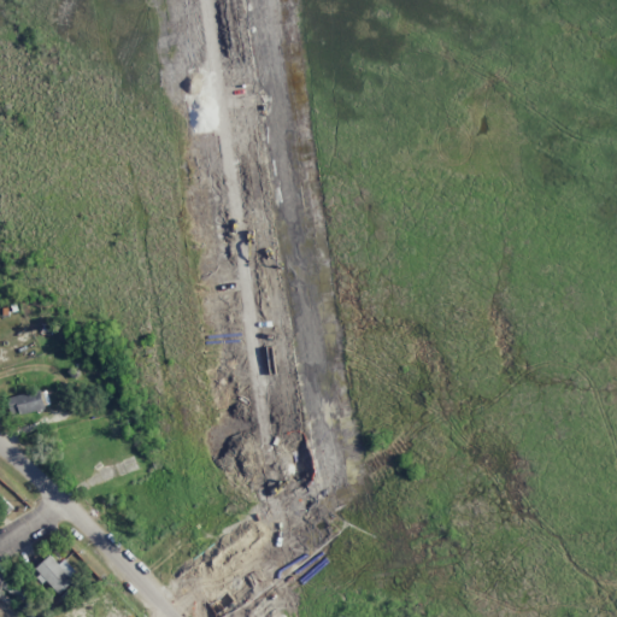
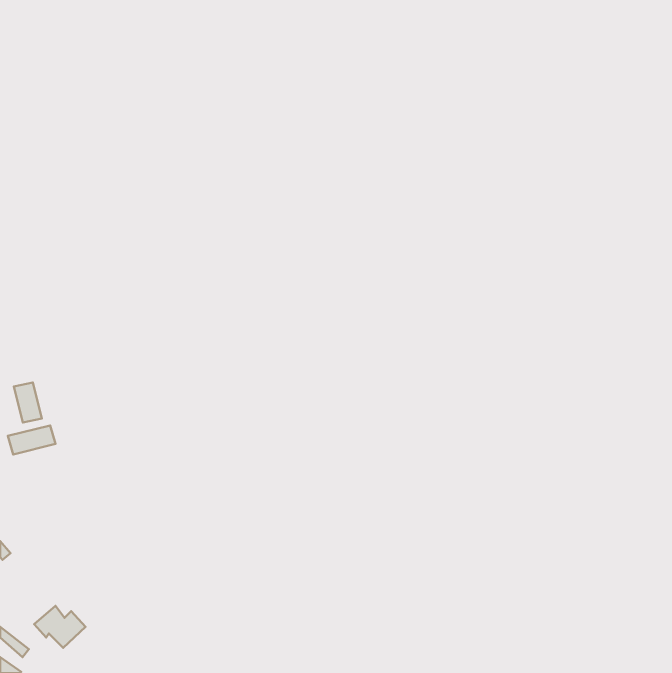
building: none -> [14,382,42,423]

